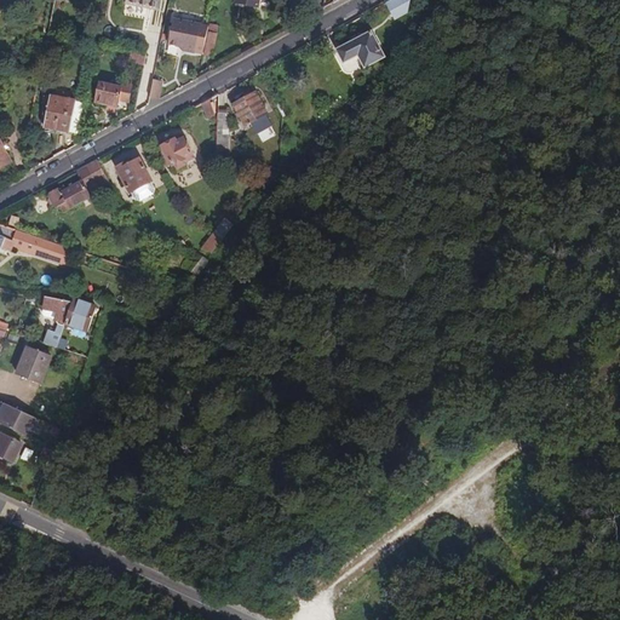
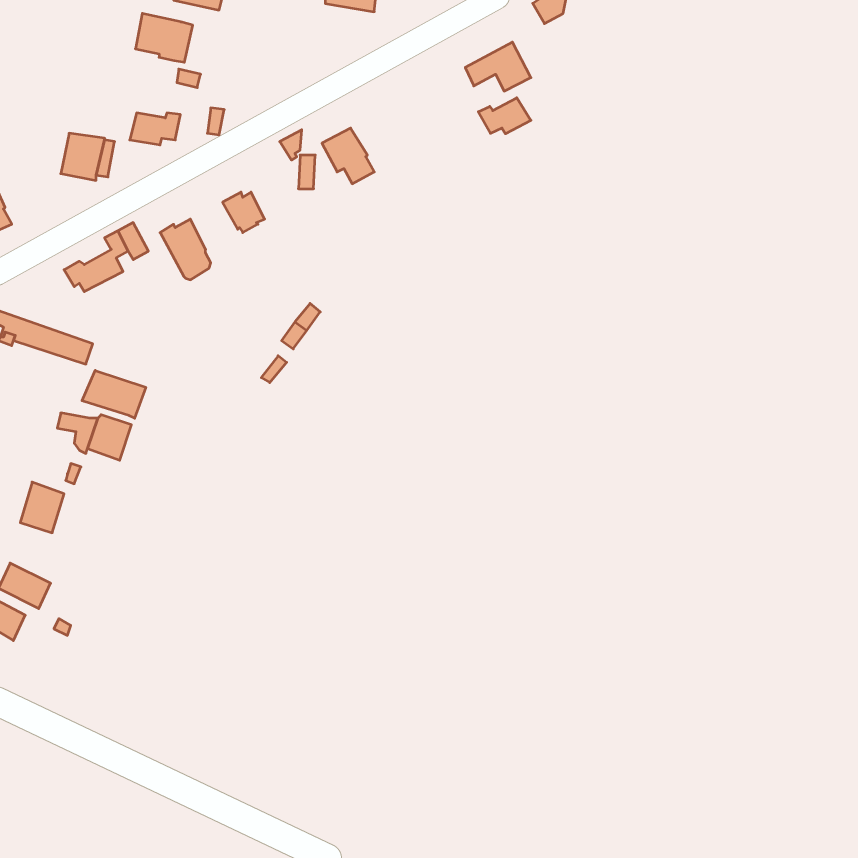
building: [167,16,208,51] -> [135,13,193,62]
building: none -> [478,98,531,134]
building: none -> [82,370,146,418]

